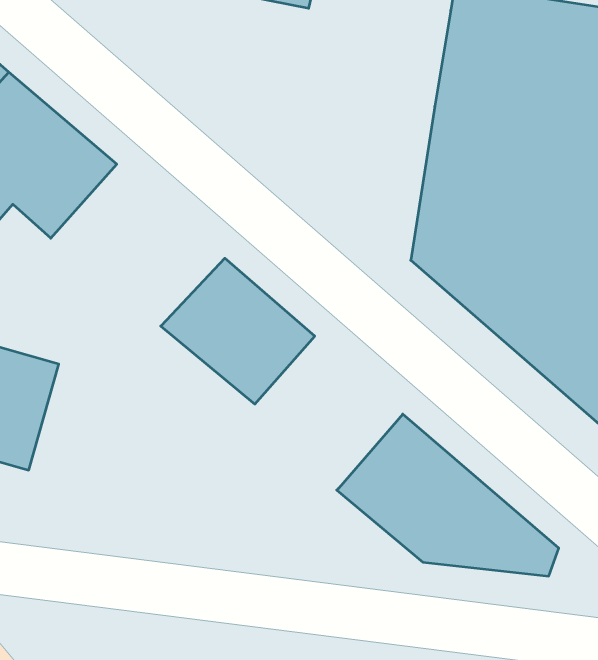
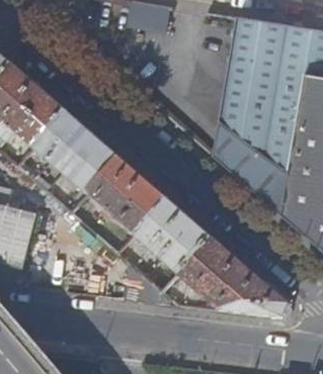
building: none -> [34,110,123,194]
building: none -> [135,197,213,274]

